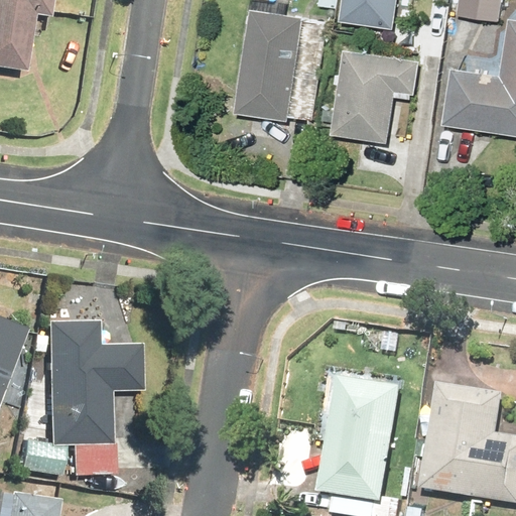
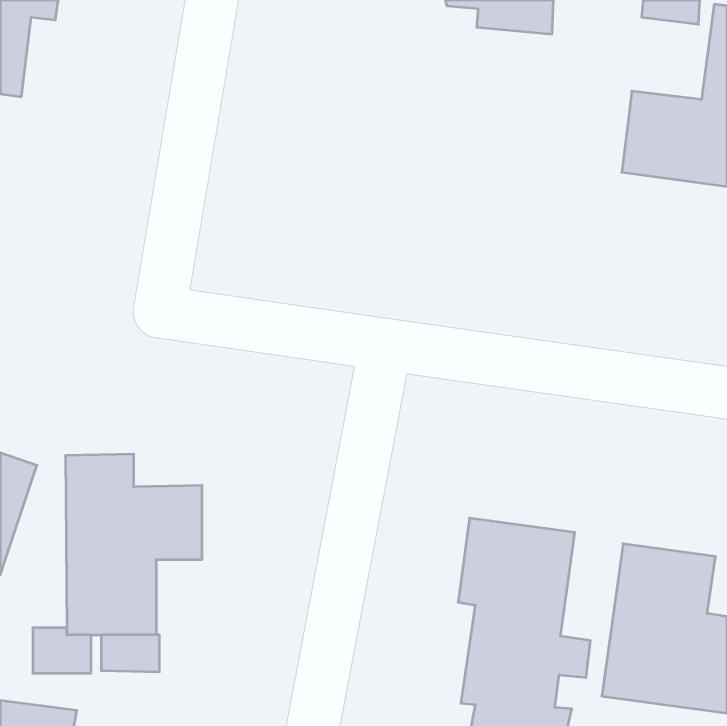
building: [234,5,326,122] -> none
building: [329,47,417,140] -> none

